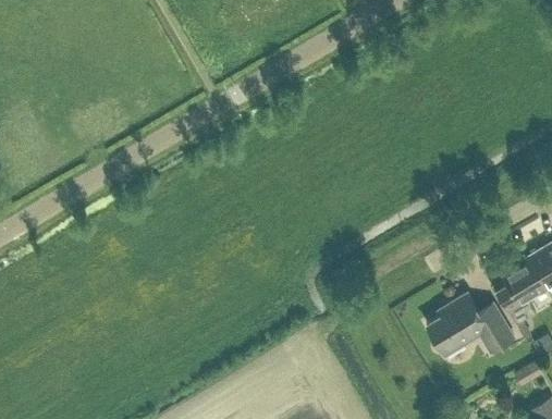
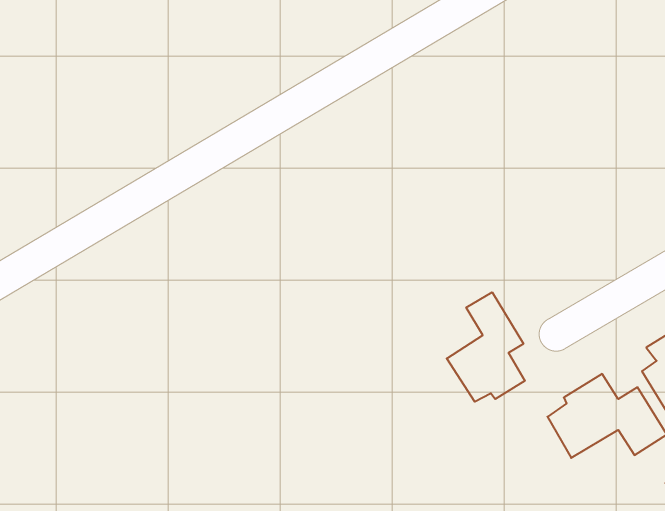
building: none -> [447,292,525,402]

